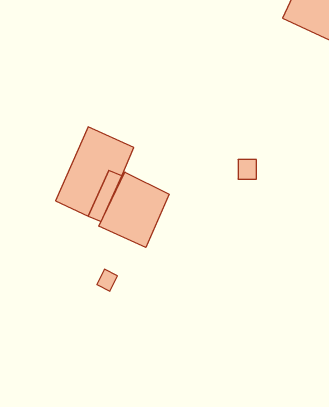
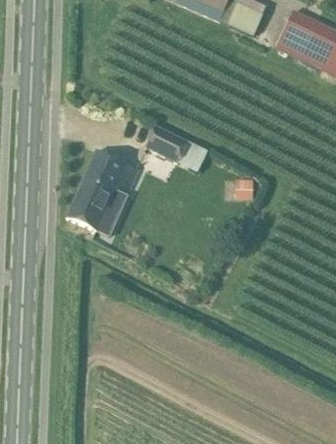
building: none -> [146,126,189,163]
building: [99,172,169,247] -> none

